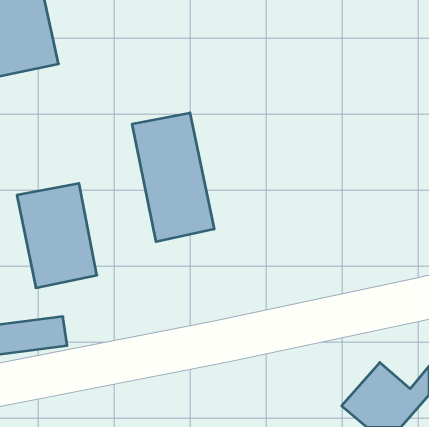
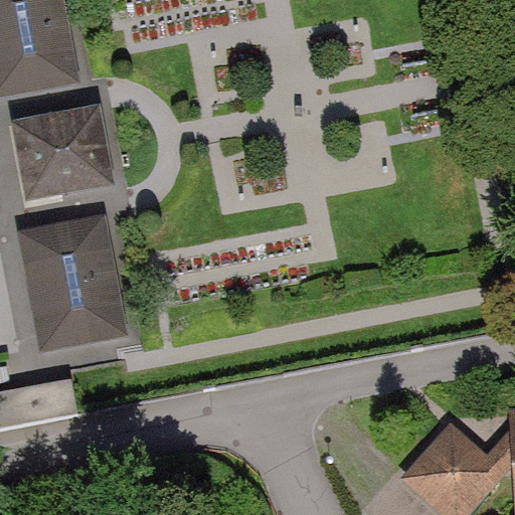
building: none -> [11,110,116,202]
building: [132,113,214,242] -> none

